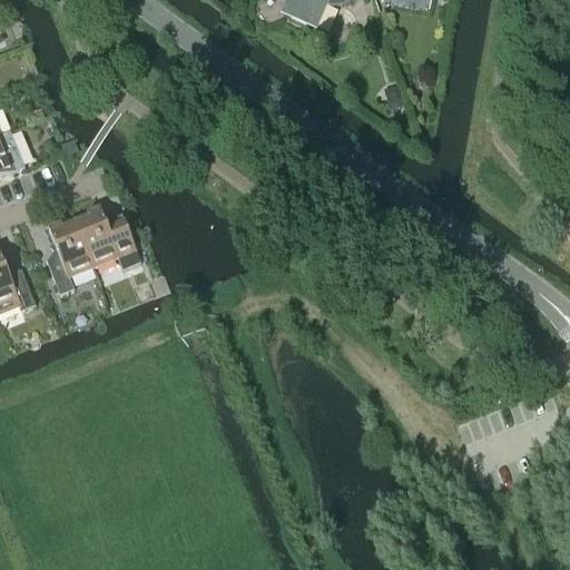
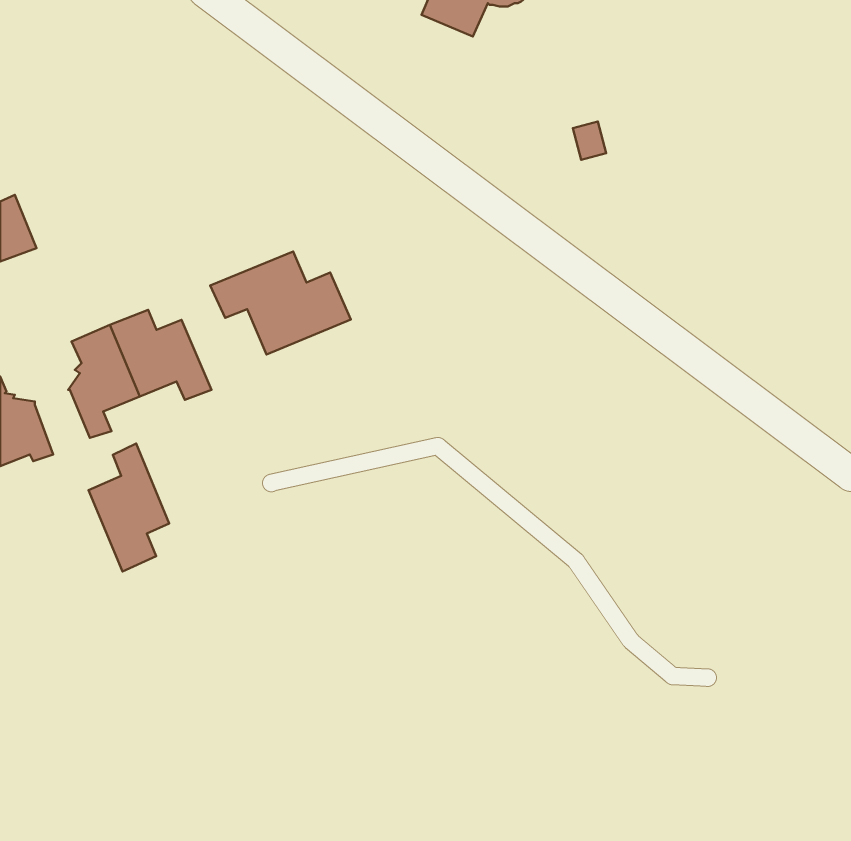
building: none -> [210,252,351,355]
building: none -> [88,444,169,571]

